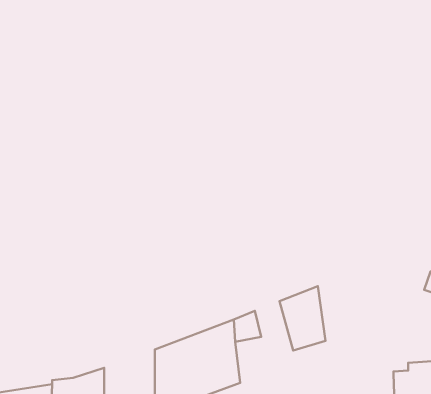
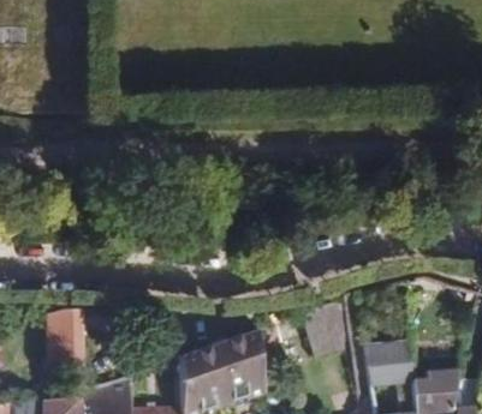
building: none -> [47,310,84,365]
building: none -> [363,340,413,388]

